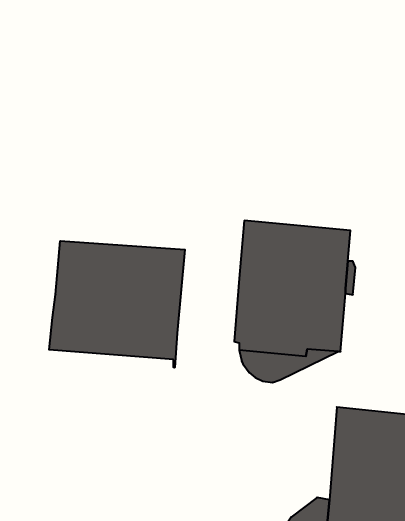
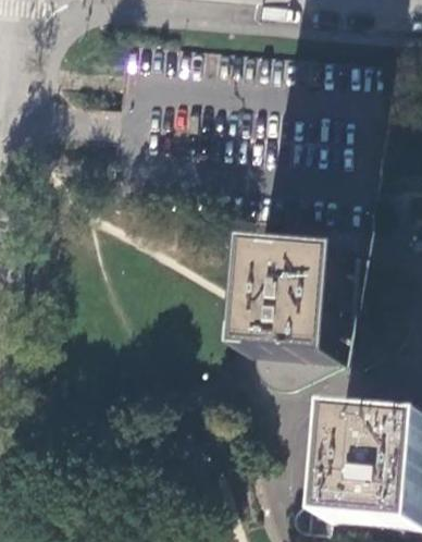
building: [49,241,185,368] -> none

